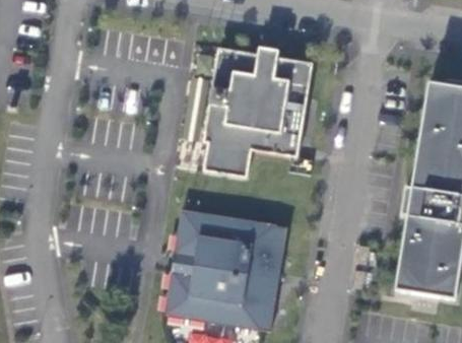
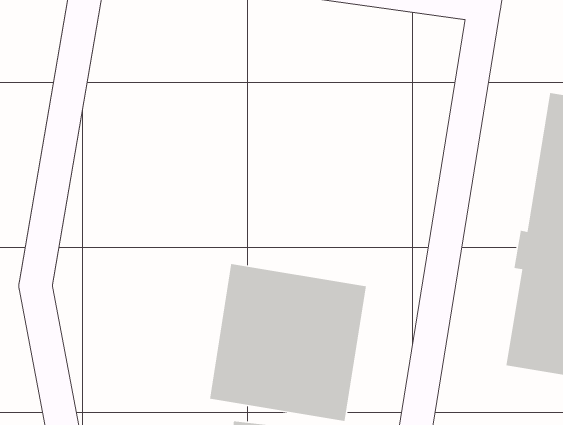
building: [208,48,316,177] -> none

